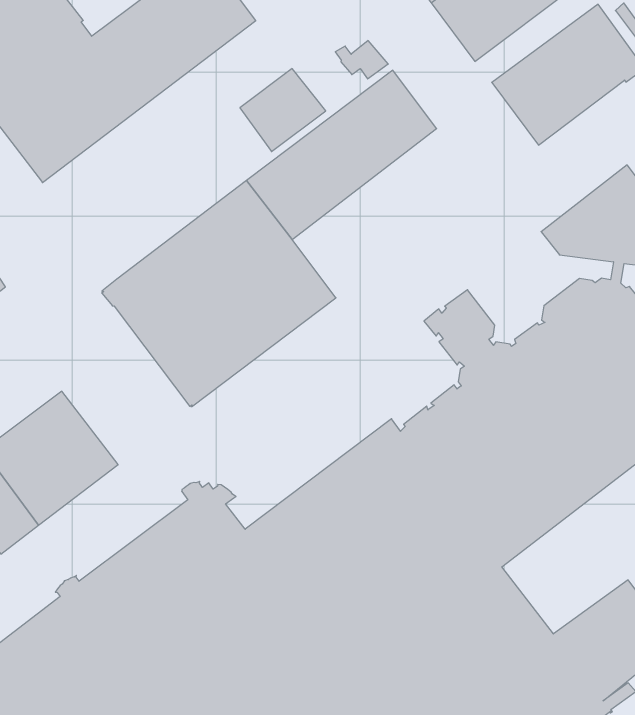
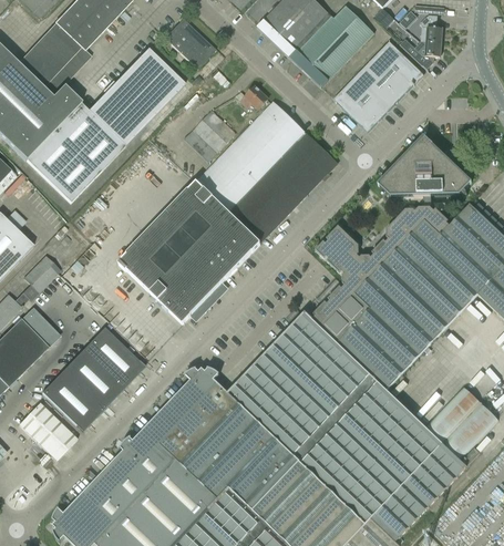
building: none -> [228,132,338,244]

